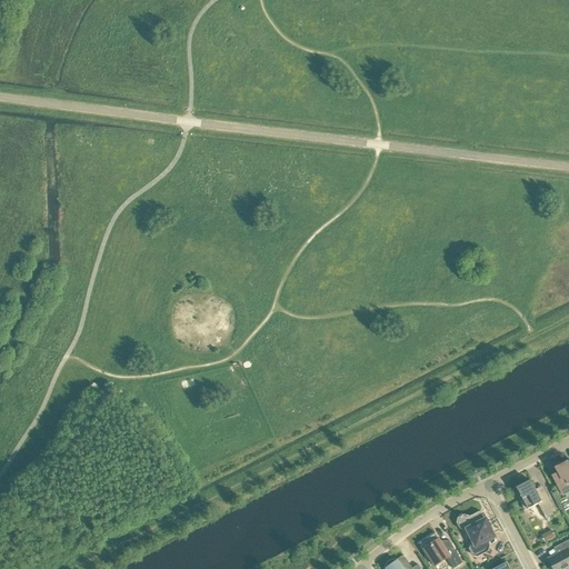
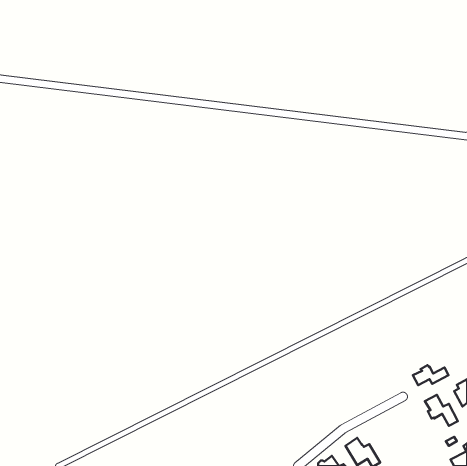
building: none -> [413,365,449,385]
building: [458,513,492,556] -> none

